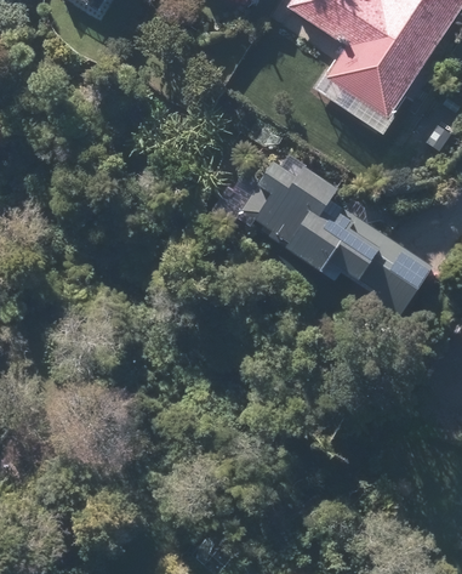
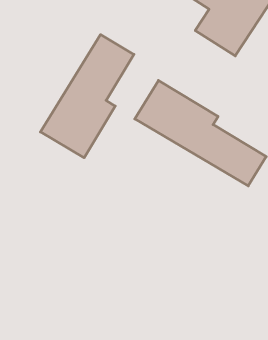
building: none -> [40,35,134,158]

